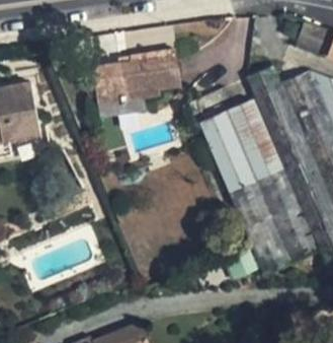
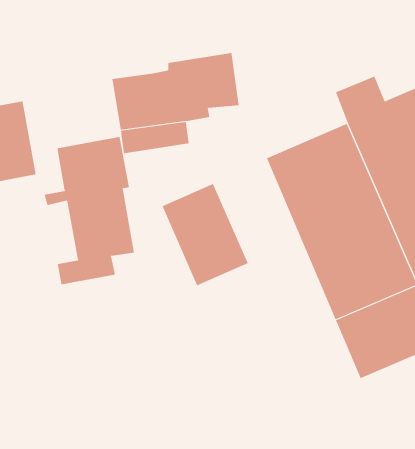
building: none -> [44,136,135,285]
building: none -> [162,183,248,286]

